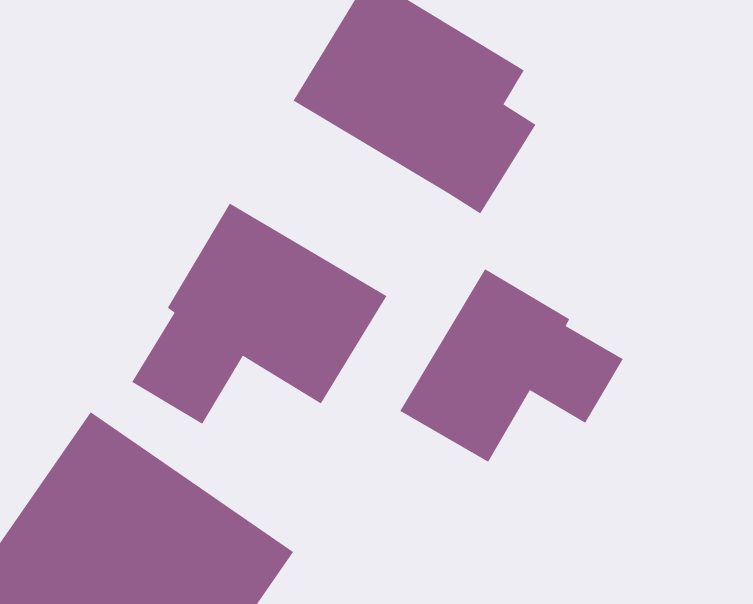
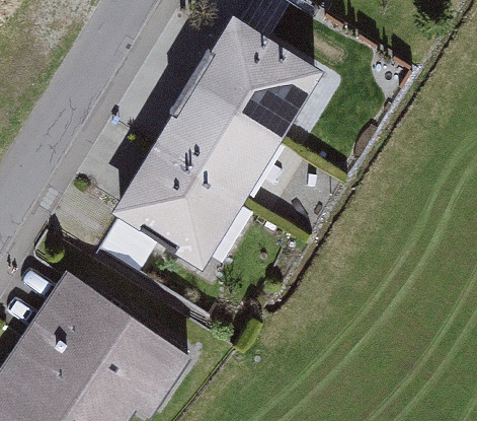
building: none -> [150,87,281,204]
building: [399,268,624,463] -> none

